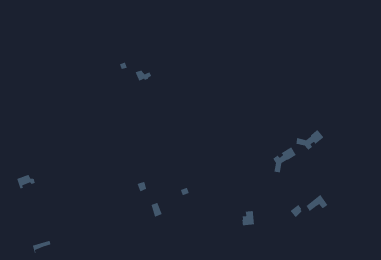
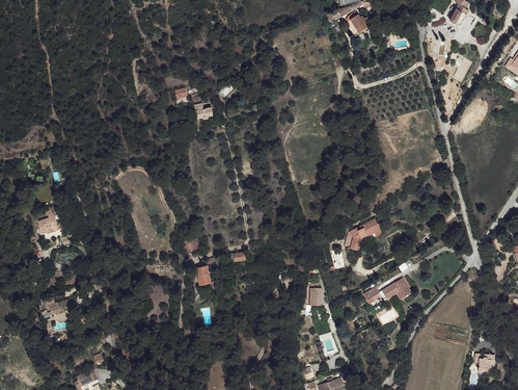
building: [296,129,325,151] -> none

